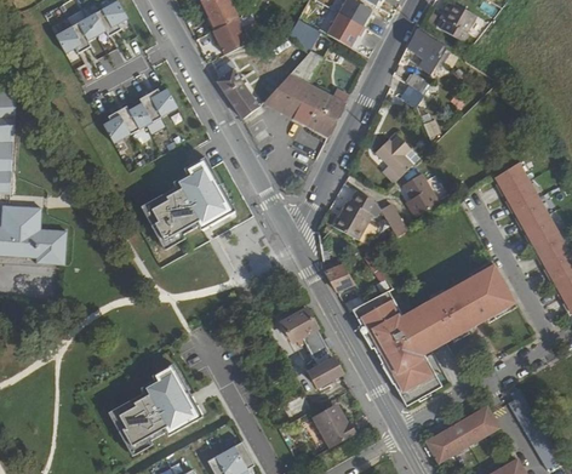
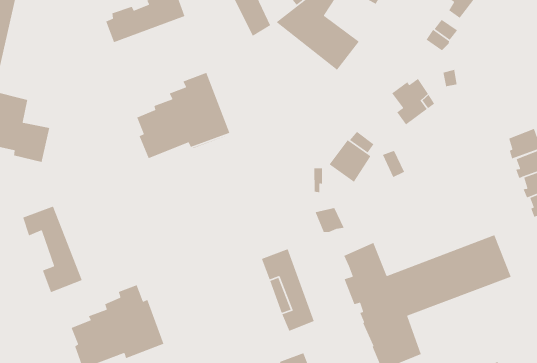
building: [404,170,440,213] -> none
building: none -> [22,206,83,293]

